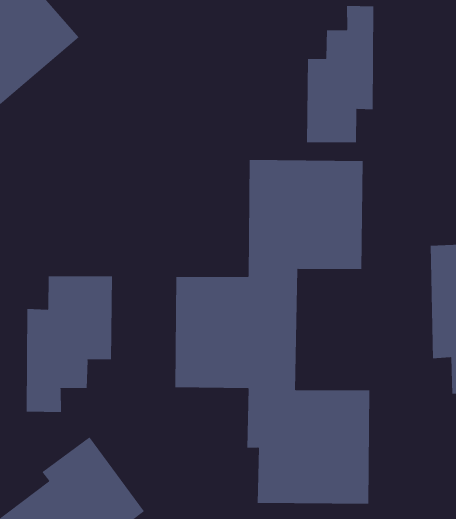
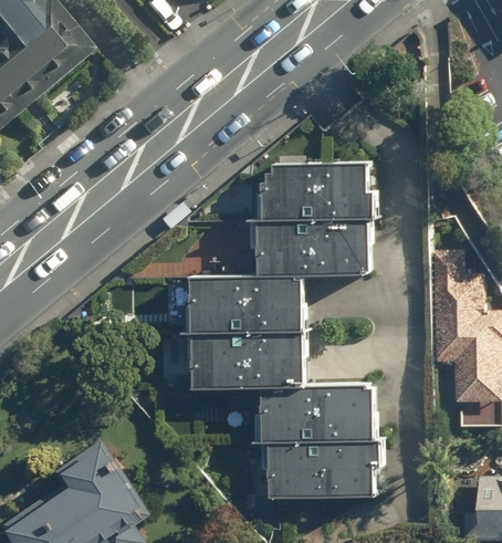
building: [307,5,374,143] -> none
building: [26,275,112,413] -> none

